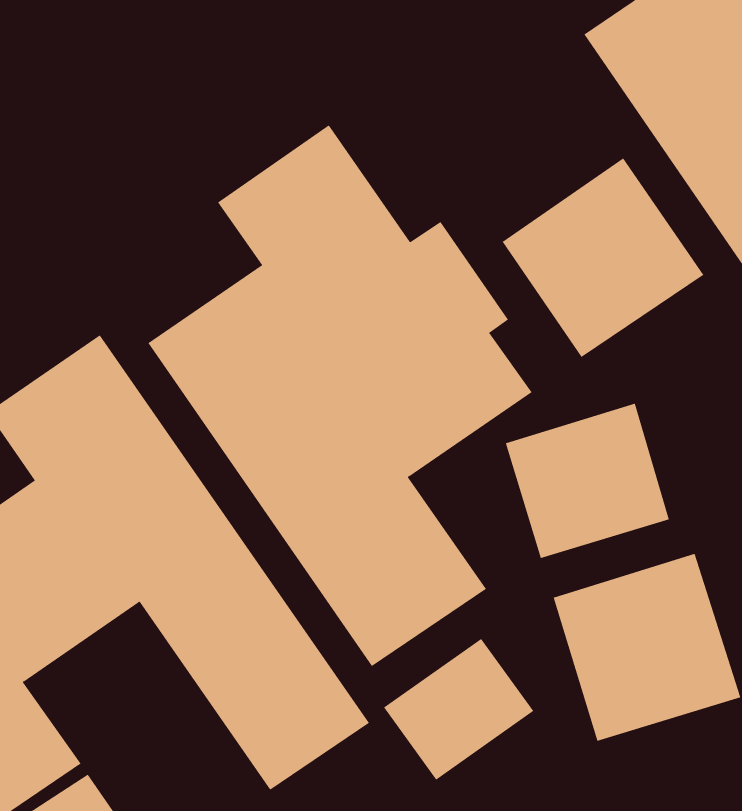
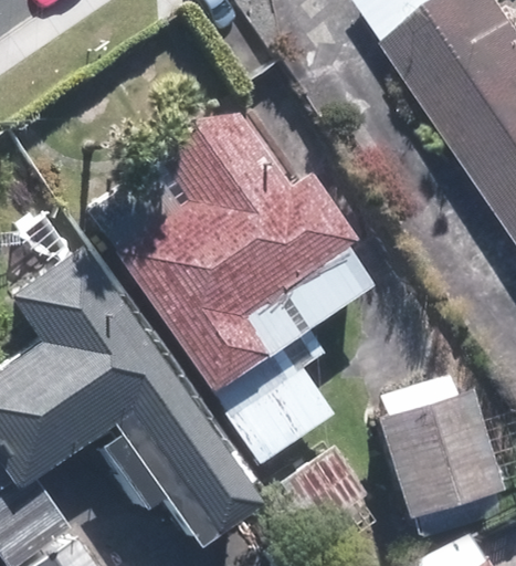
building: [502,158,704,358] -> none
building: [505,403,670,559] -> none

